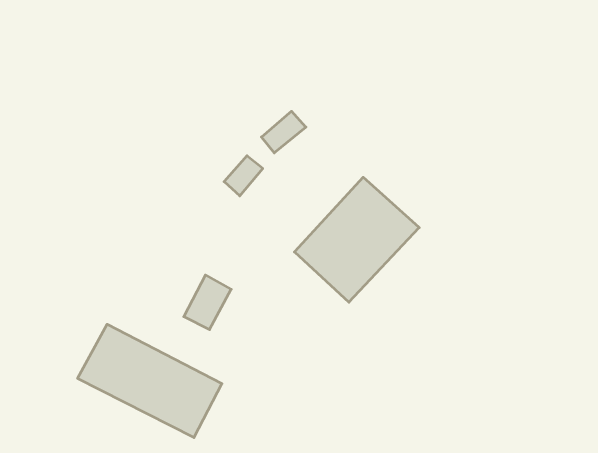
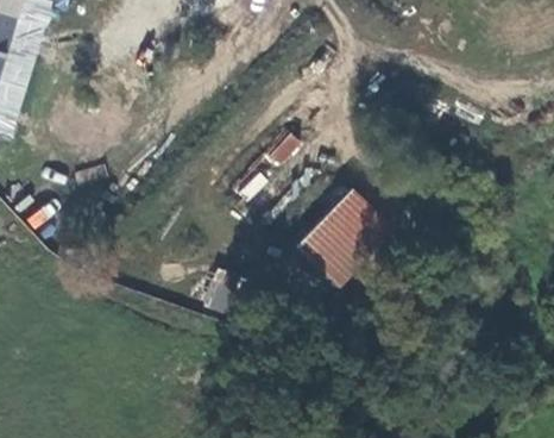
building: [78,324,222,438] -> none

